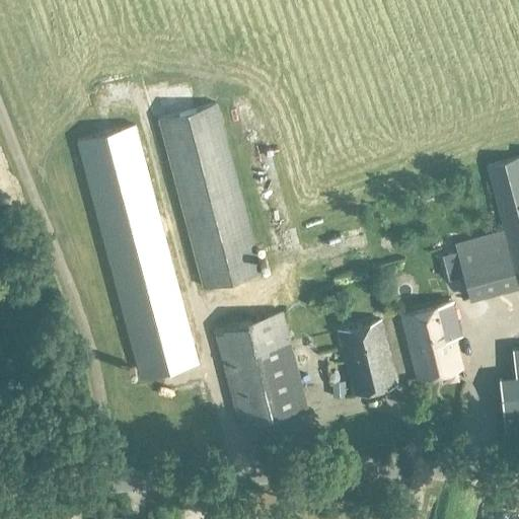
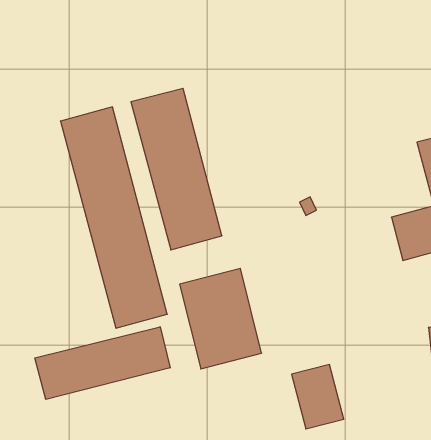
building: [401,303,462,381] -> none
building: [339,322,398,396] -> [292,365,344,429]
building: none -> [35,327,170,399]

